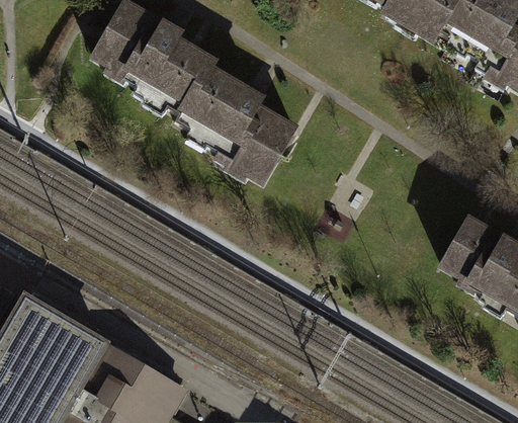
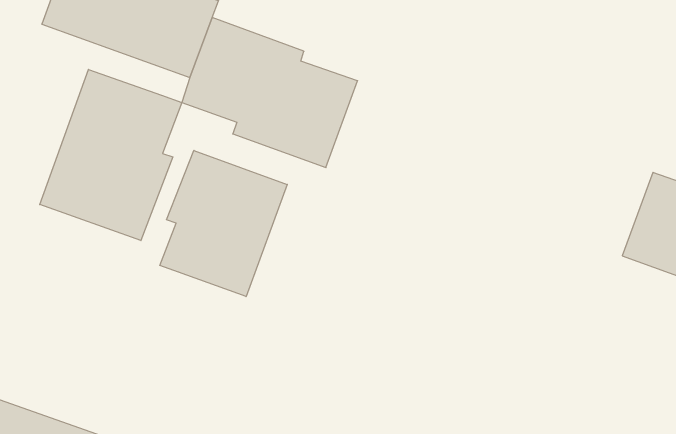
building: none -> [40,69,182,241]
building: none -> [160,150,287,297]

